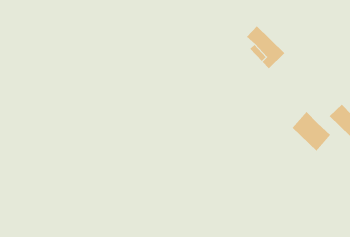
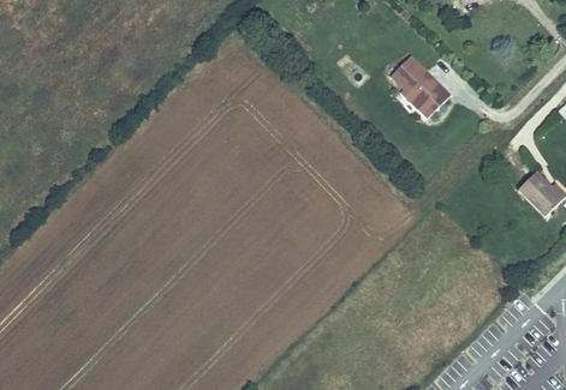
building: [292,111,331,151] -> none

